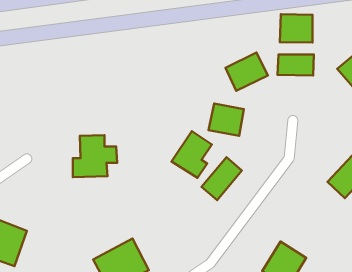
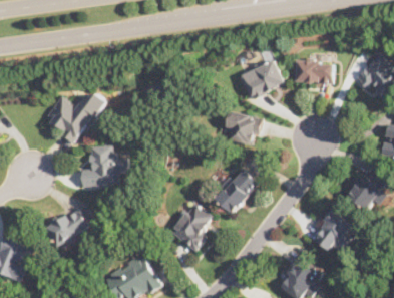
building: [280,14,313,42] -> none
building: none -> [41,94,98,143]
building: [172,131,212,178] -> [168,201,211,250]
building: none -> [43,207,88,247]
building: none -> [312,210,357,255]

